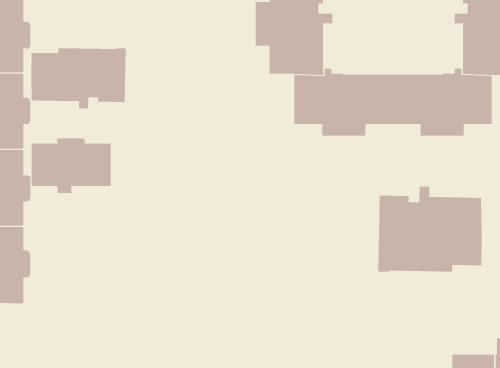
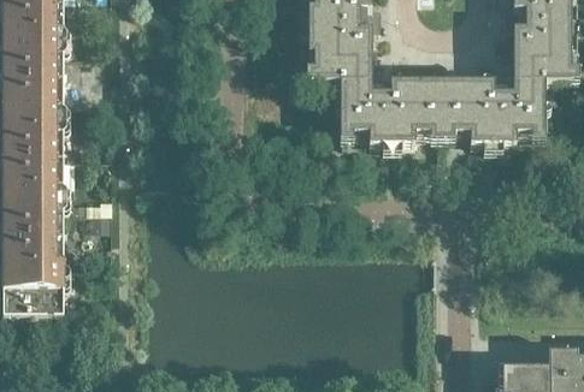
building: [31,47,126,109] -> none
building: [31,138,111,194] -> none
building: [378,186,482,273] -> none

